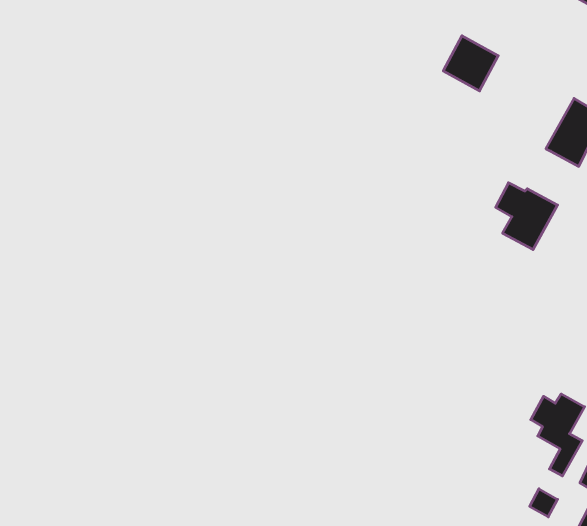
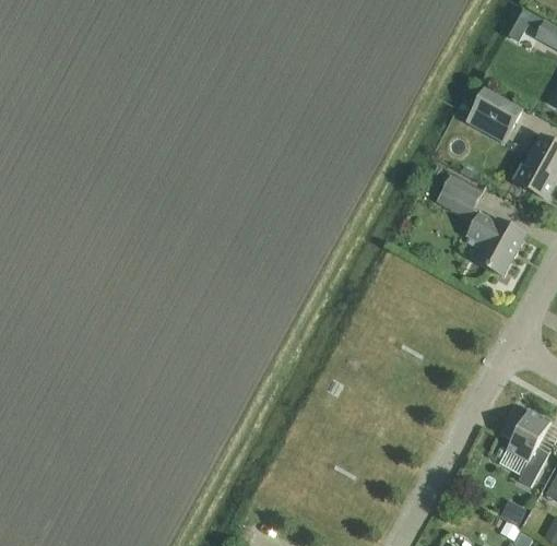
building: [443,36,498,91] -> [469,90,520,141]
building: none -> [442,176,482,209]

